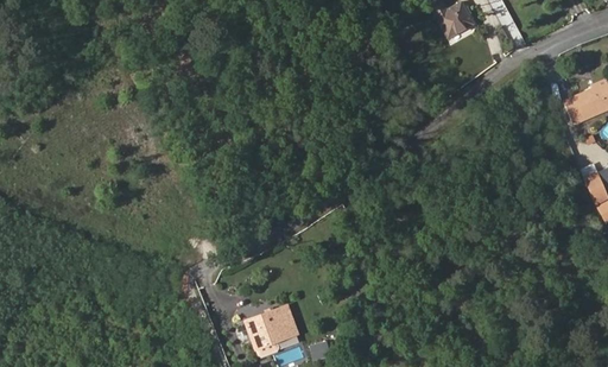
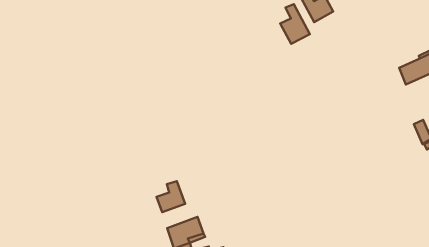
building: none -> [280,4,310,44]
building: none -> [156,181,185,212]

